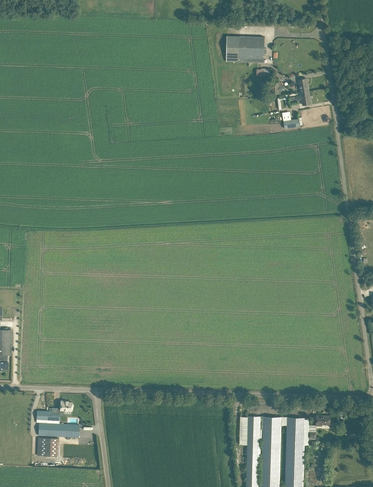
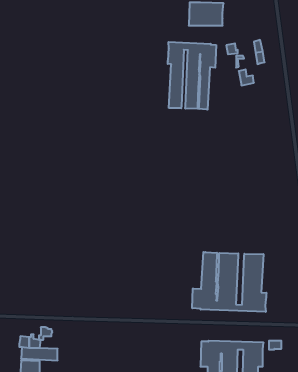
building: none -> [168,42,216,110]
building: none -> [192,252,266,312]

